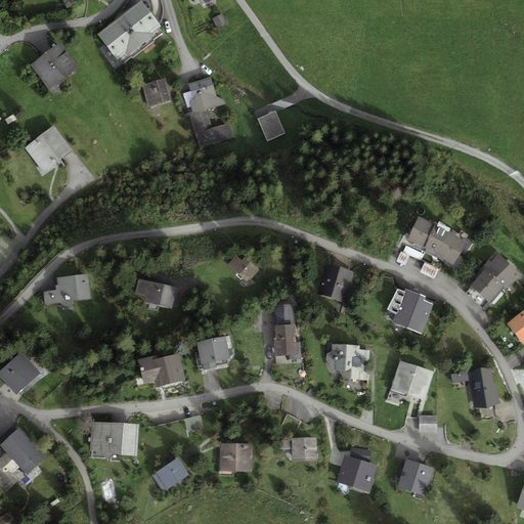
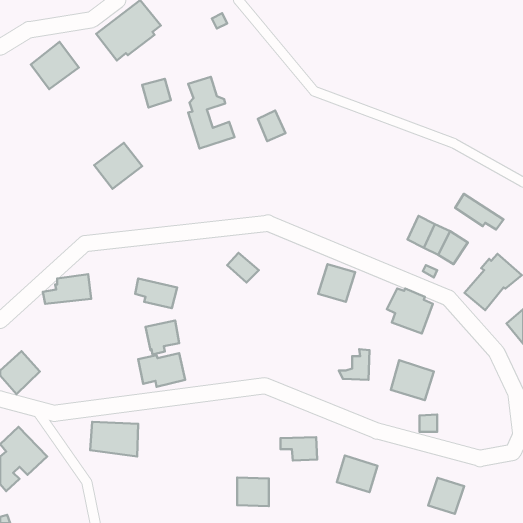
building: [25,126,73,172] -> [94,143,142,189]
building: none -> [455,194,503,229]
building: [274,304,301,359] -> none
building: [196,336,230,369] -> [145,321,179,354]
building: [325,344,360,370] -> none
building: [451,368,499,407] -> none
building: [220,443,252,472] -> [237,478,269,506]
building: [154,457,189,490] -> none
building: [398,460,434,495] -> [428,478,464,514]

